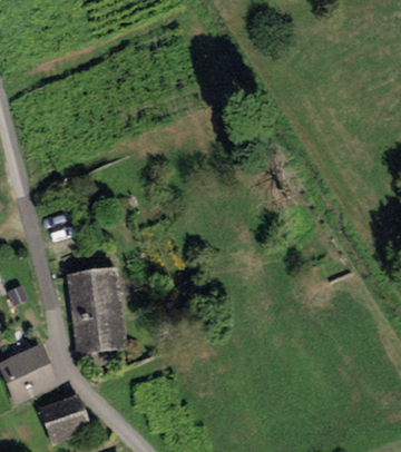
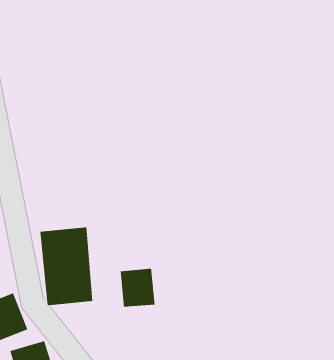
building: none -> [120,268,155,307]

